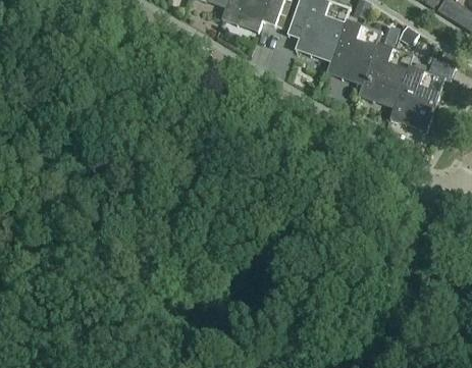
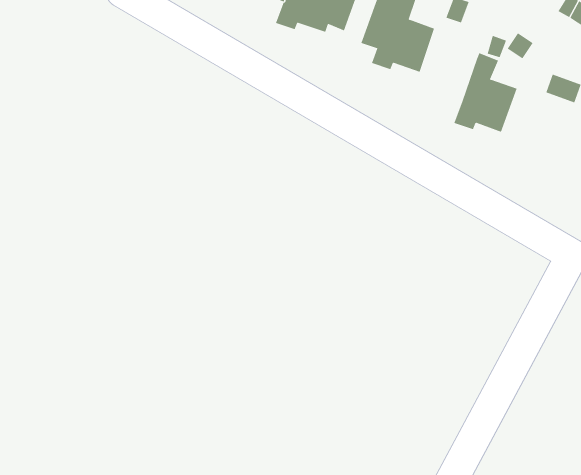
building: [326,18,375,78] -> none
building: [389,64,439,125] -> none

